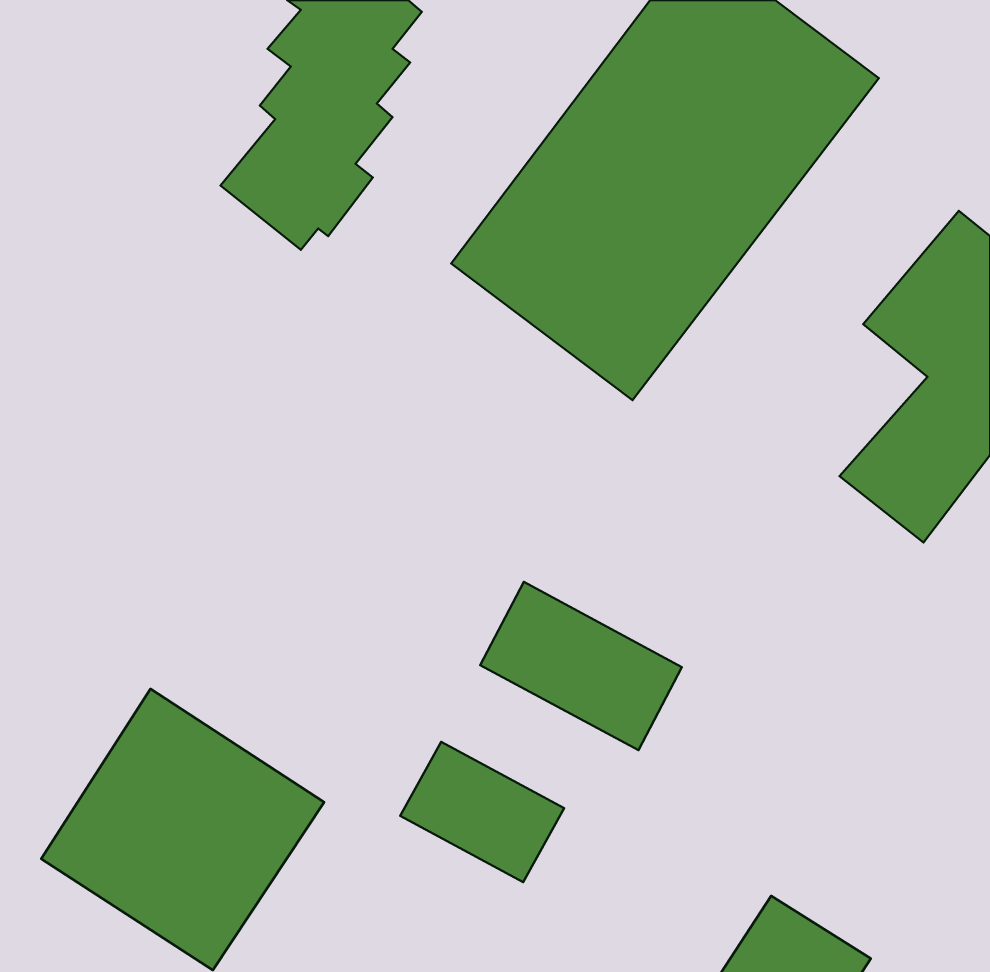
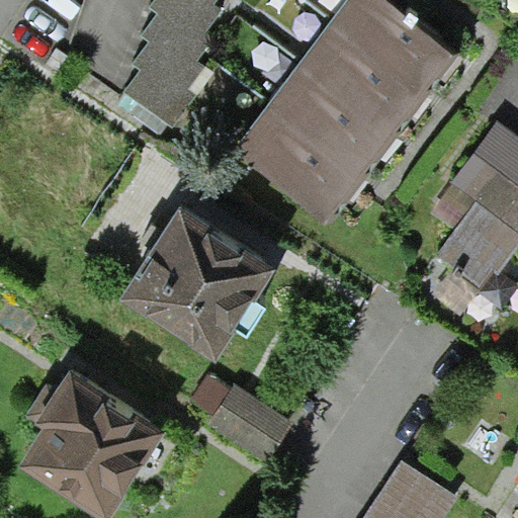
building: none -> [121,201,271,348]
building: [480,582,682,750] -> none

